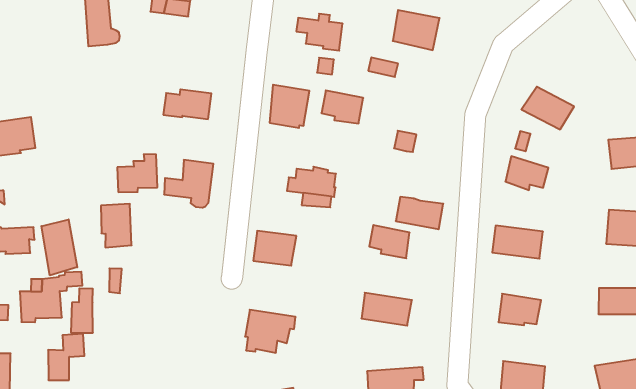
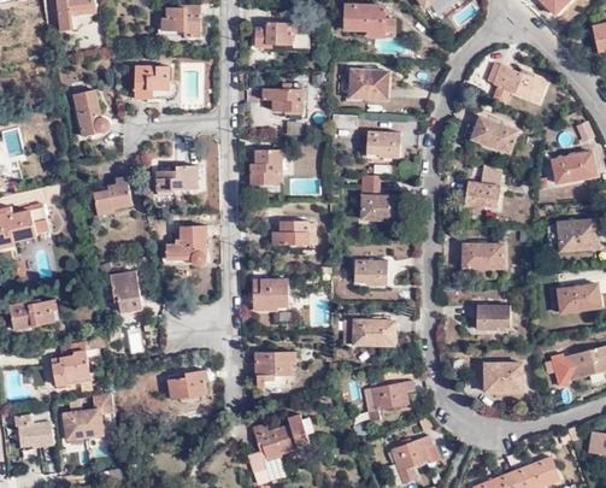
building: none -> [495,67,546,104]
building: [321,90,363,123] -> [365,131,400,157]
building: [117,154,157,192] -> [94,174,131,211]
building: [396,197,443,229] -> [360,196,400,221]
building: [41,219,77,275] -> none
building: [71,288,93,333] -> [64,394,86,435]
building: none -> [167,366,204,396]

